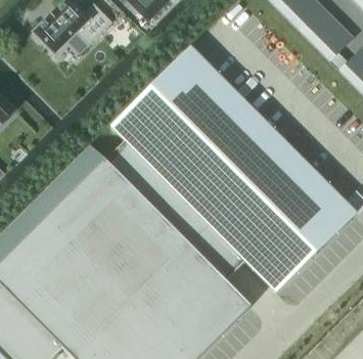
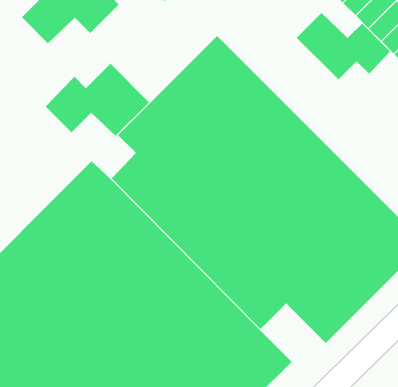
building: none -> [296,12,391,80]
building: none -> [45,63,150,137]

